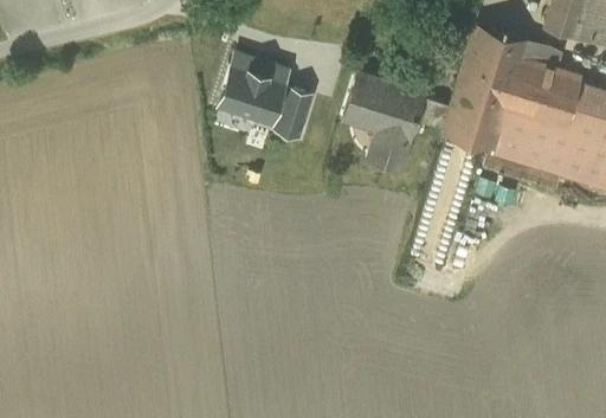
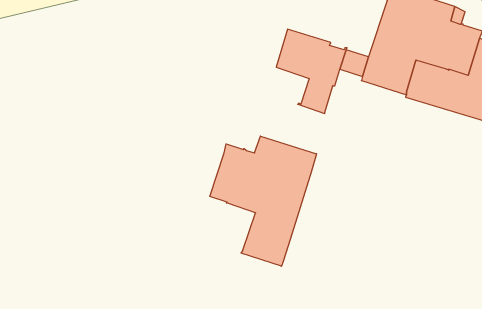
building: [207,53,314,135] -> none
building: none -> [210,136,317,266]

